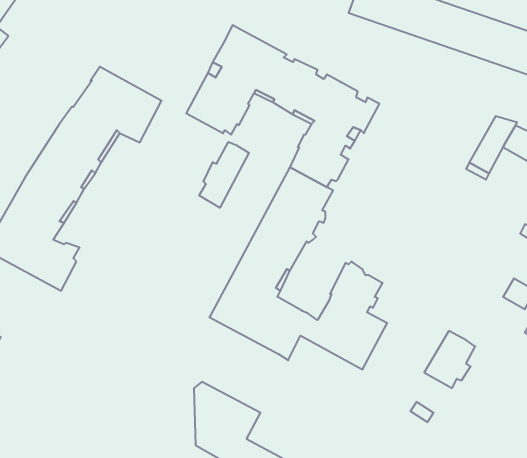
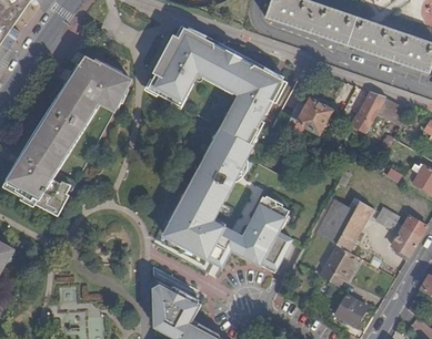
building: none -> [289,99,330,133]
building: [199,142,249,208] -> none
building: none -> [311,197,373,251]
building: none -> [333,295,365,327]

